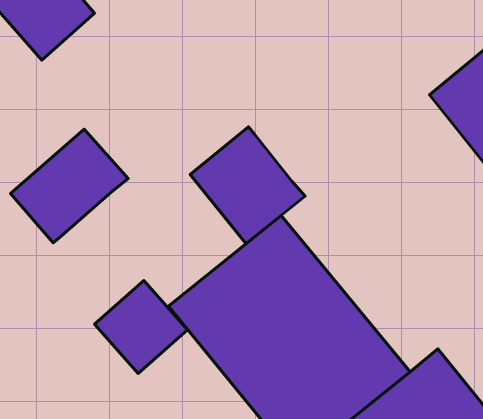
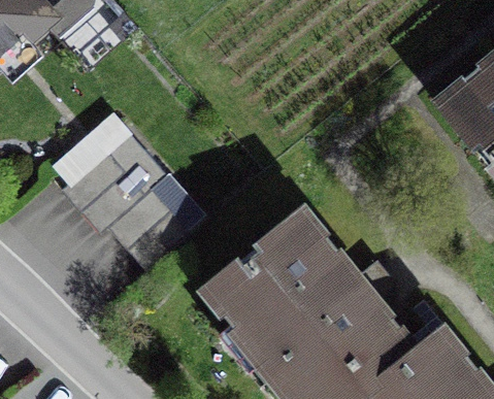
building: [190,127,305,244] -> none
building: [94,280,188,373] -> [107,187,191,270]

